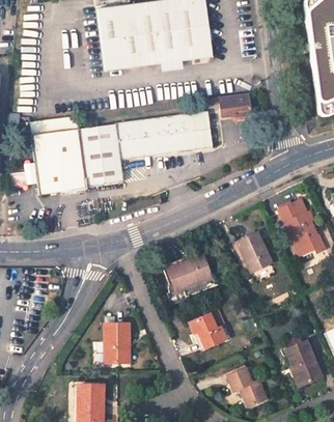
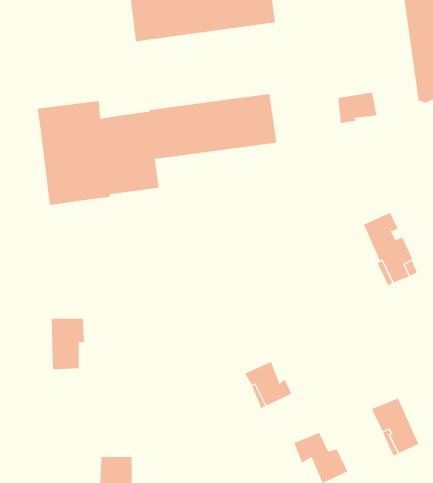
building: [221,92,251,116] -> [337,92,377,124]
building: [236,232,272,272] -> none
building: [168,255,212,290] -> none
building: [105,323,131,363] -> [51,318,85,370]

